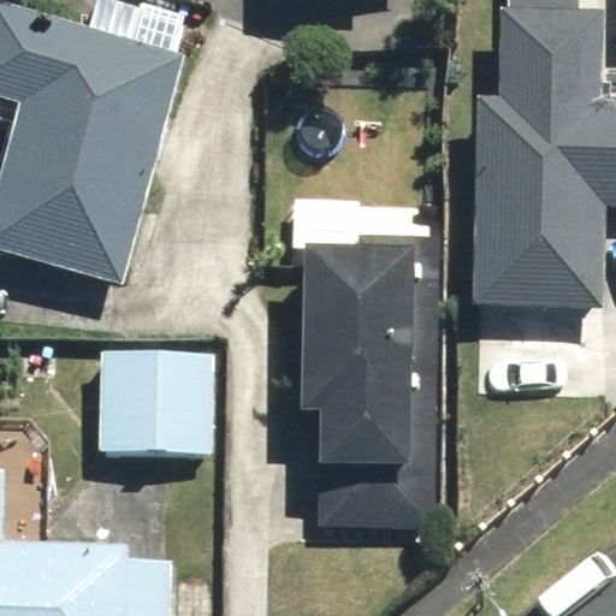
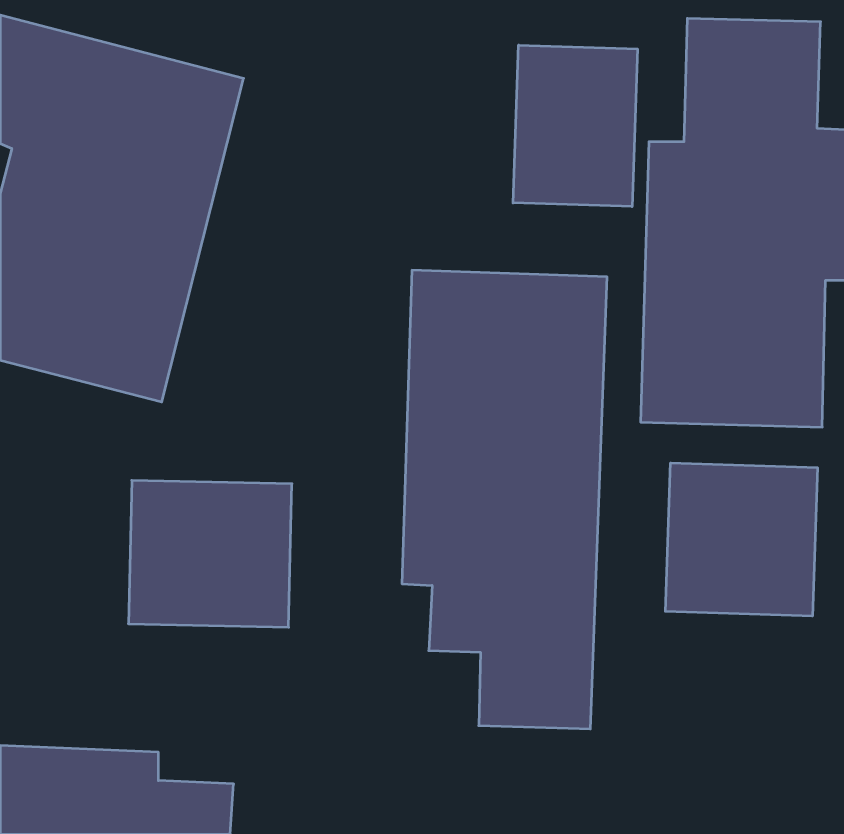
building: none -> [513,45,637,207]
building: none -> [665,463,817,616]

